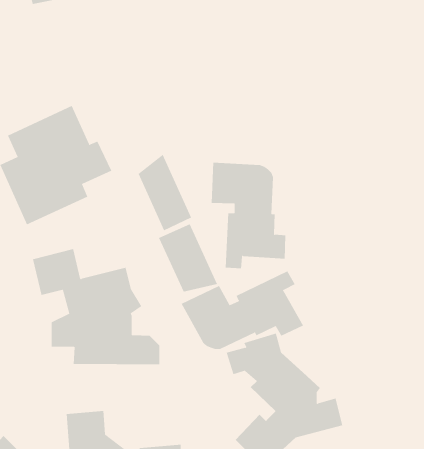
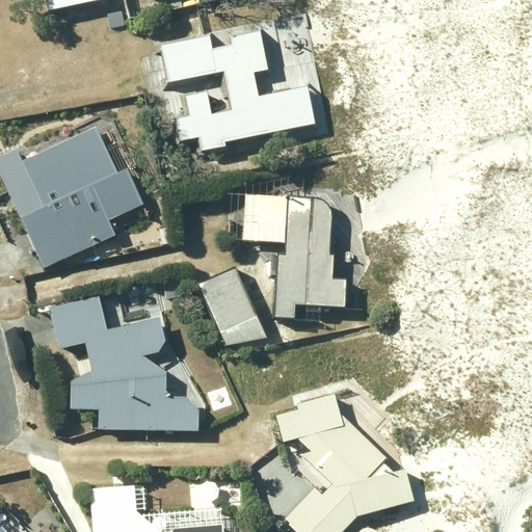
building: none -> [162,29,315,151]
building: [138,154,192,231] -> none
building: [181,271,304,350] -> none

